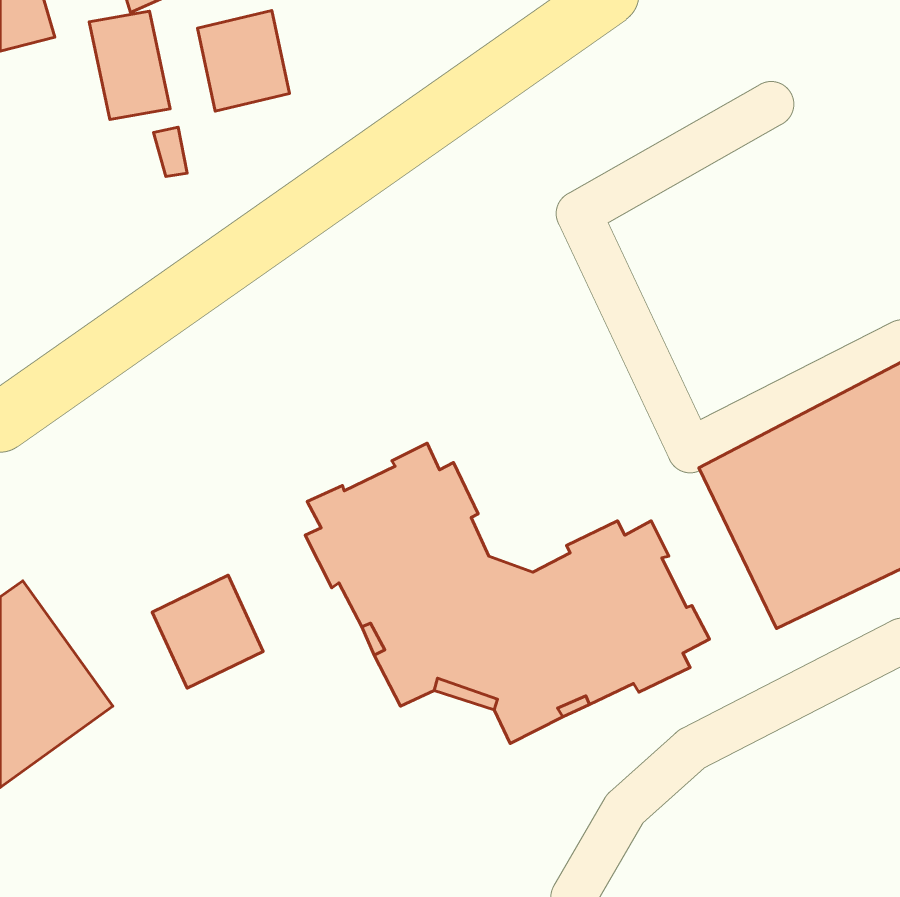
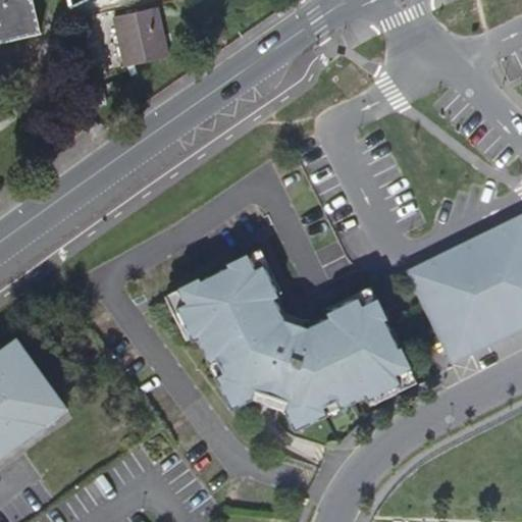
building: [89,11,170,120] -> none
building: [152,575,263,688] -> none

